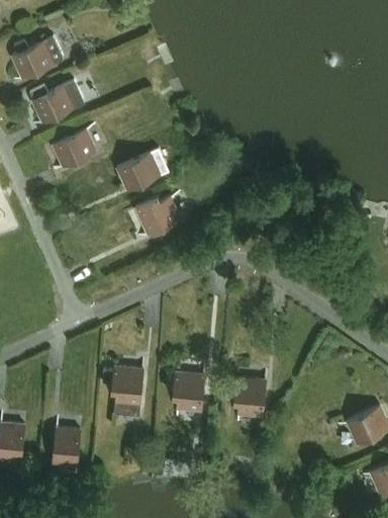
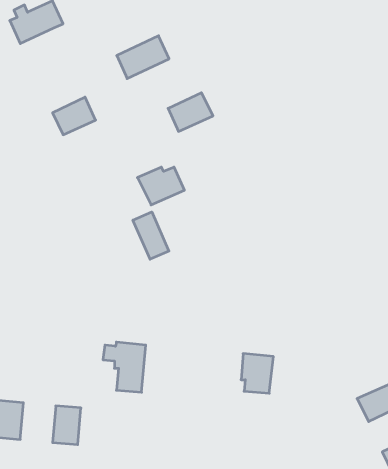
building: [31,81,82,122] -> [117,36,169,79]
building: [116,153,160,190] -> [168,93,213,131]
building: none -> [133,212,169,259]
building: [173,372,204,410] -> none

